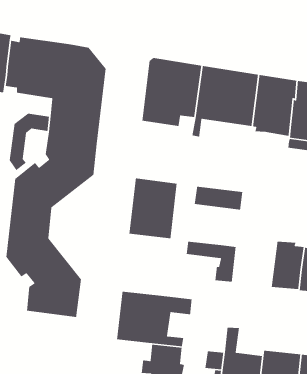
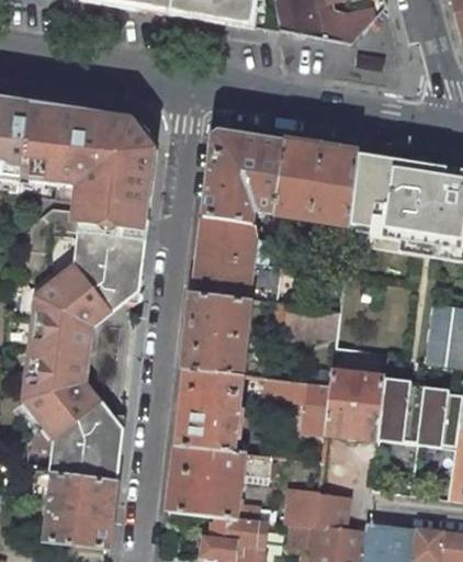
building: none -> [194,217,284,302]
building: none -> [177,369,244,451]
building: none -> [325,371,384,440]
building: none -> [33,470,116,548]
building: none -> [285,490,317,527]

